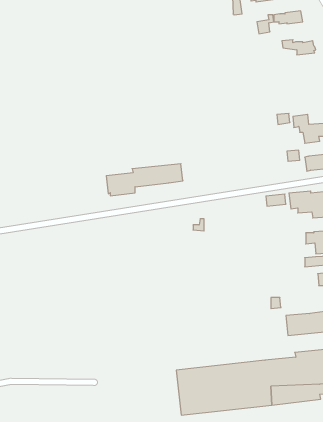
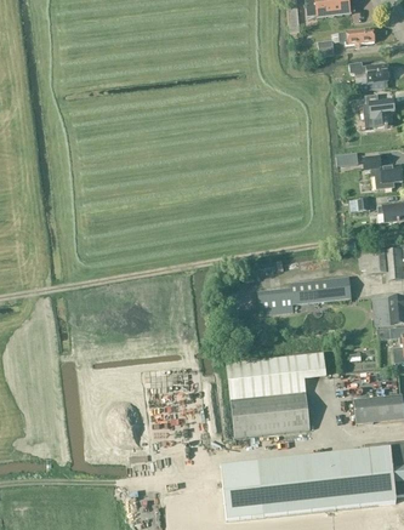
building: none -> [363,93,394,126]
building: [106,164,183,196] -> [258,275,352,314]
building: none -> [227,352,326,435]

